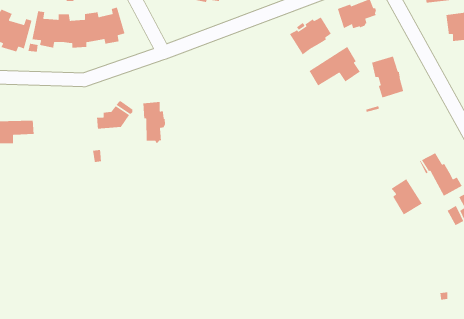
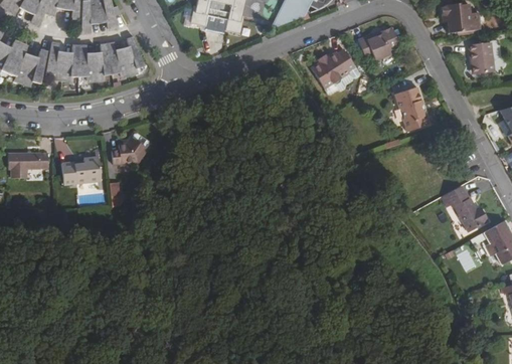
building: [309,46,361,86] -> none
building: [143,101,166,143] -> none
building: none -> [61,157,101,184]
building: [391,178,423,216] -> none

